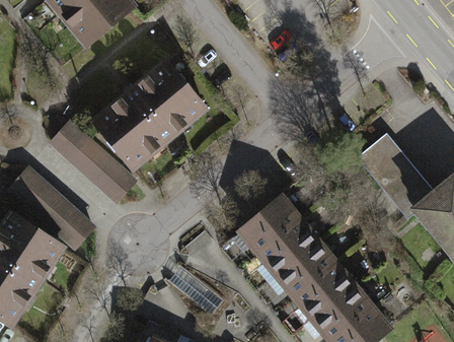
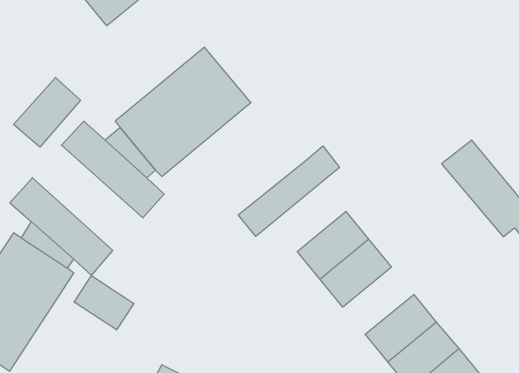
building: none -> [14,77,81,147]
building: none -> [238,146,339,236]
building: [279,241,336,295] -> none
building: none -> [74,276,134,330]

